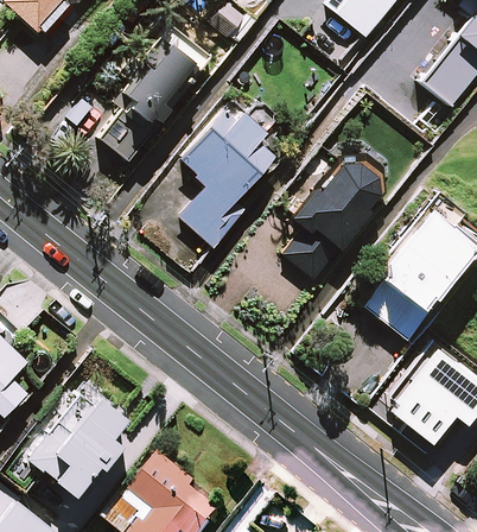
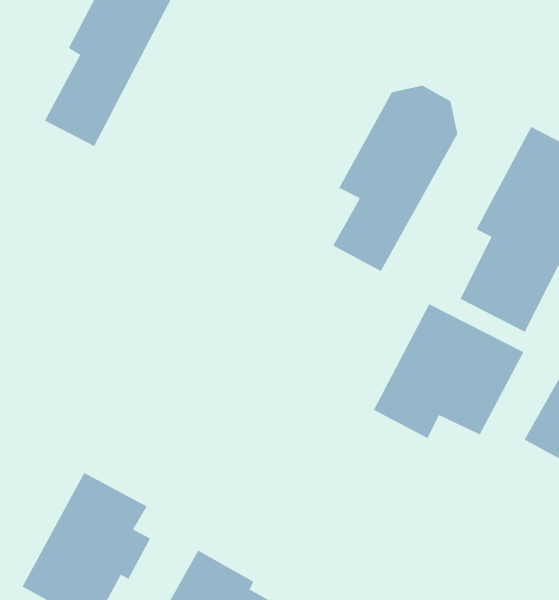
building: [179,102,274,246] -> none
building: none -> [373,303,524,439]

